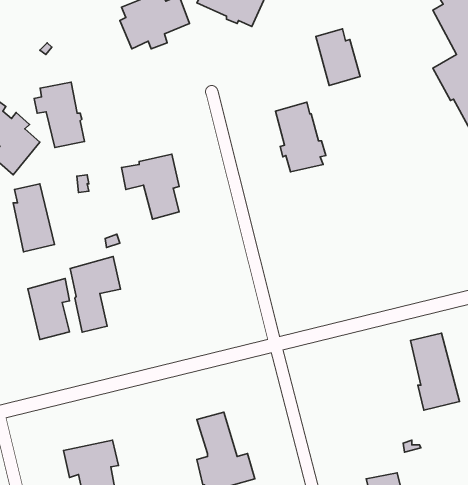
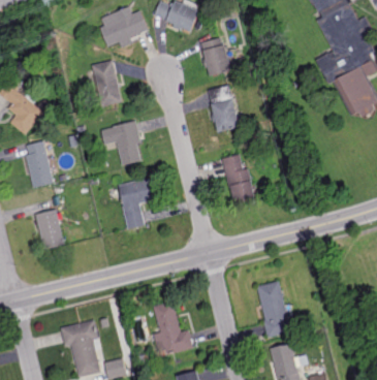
building: [316,29,360,85] -> [201,37,232,76]
building: [34,82,85,147] -> [87,61,122,106]
building: none -> [222,155,260,205]
building: [70,257,121,332] -> [119,178,154,230]
building: [410,333,459,410] -> [258,283,292,337]

